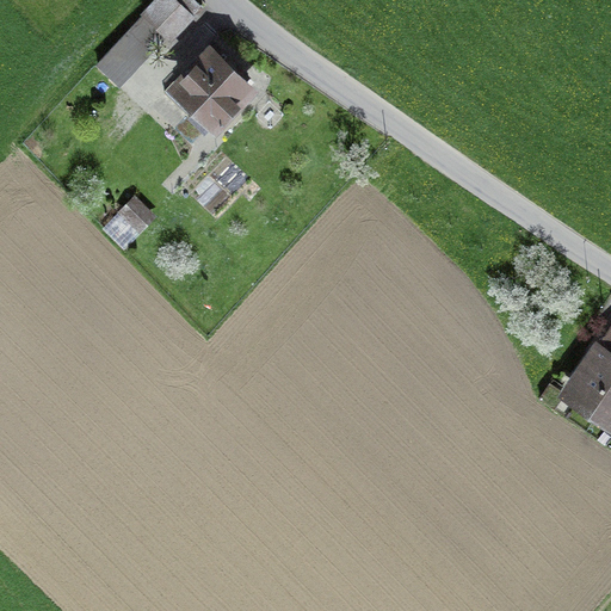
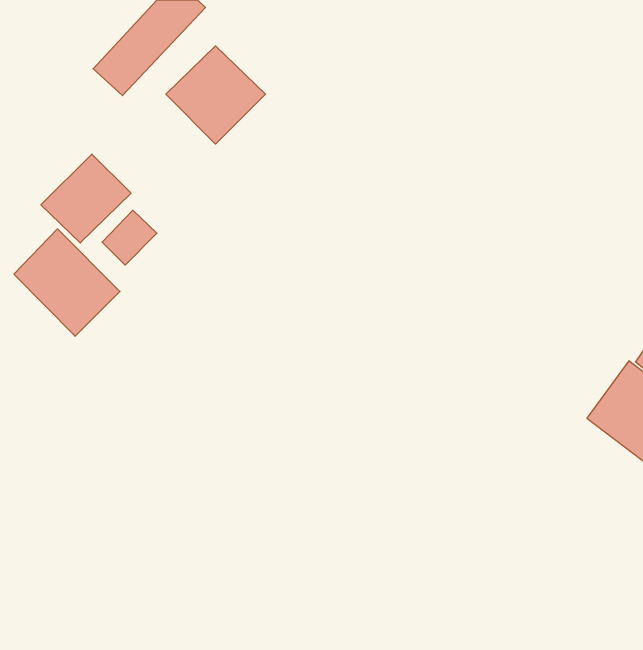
building: none -> [41,154,131,243]
building: none -> [14,229,120,336]

